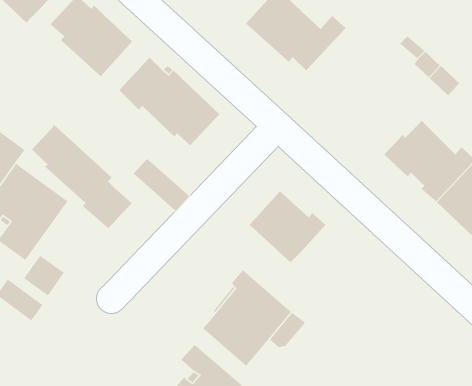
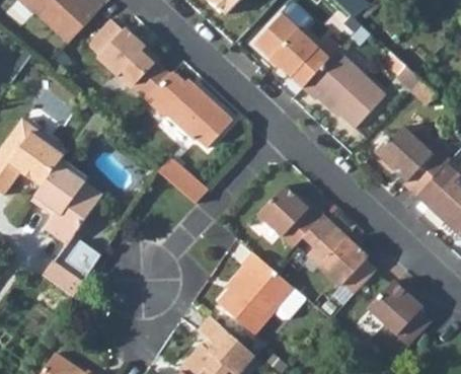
building: none -> [301,49,386,128]
building: [31,124,133,229] -> none
building: none -> [302,214,375,293]
building: none -> [367,280,431,346]

